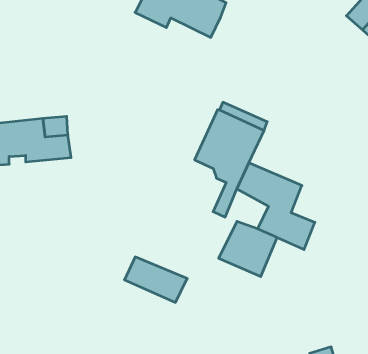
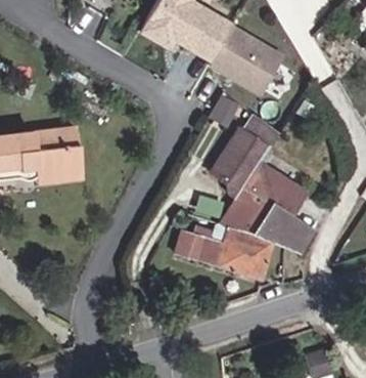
building: none -> [216,37,276,82]
building: none -> [230,200,271,238]
building: [124,257,187,302] -> [176,222,235,265]

